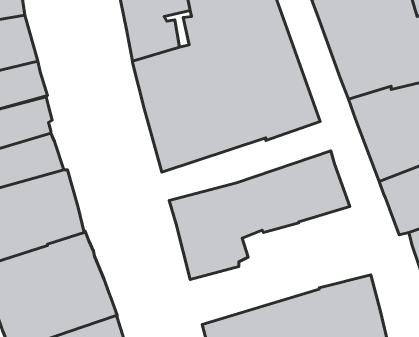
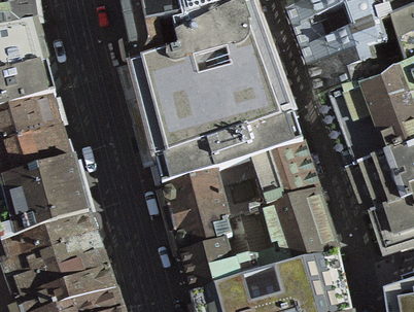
building: none -> [157,115,304,184]
building: none -> [181,189,339,292]

